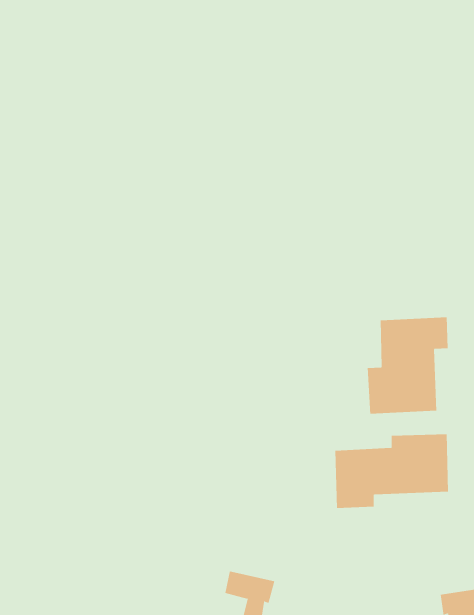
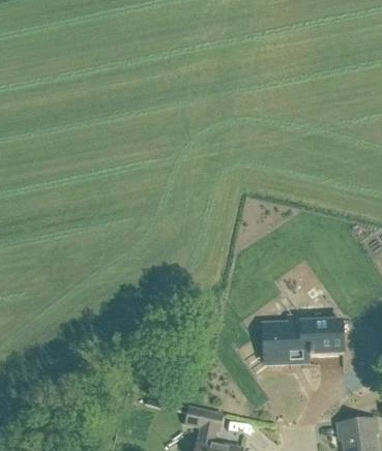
building: [367,317,448,414] -> none

